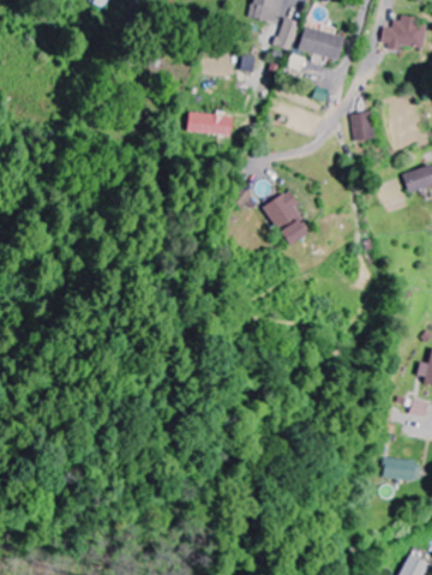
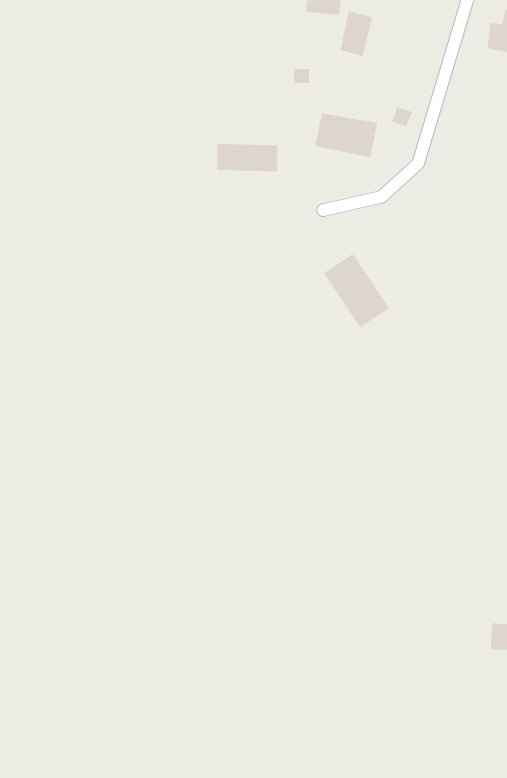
building: [299,26,344,59] -> [315,113,378,158]
building: [353,112,376,140] -> none

